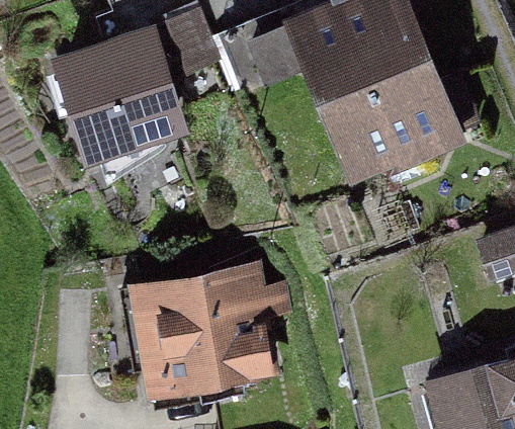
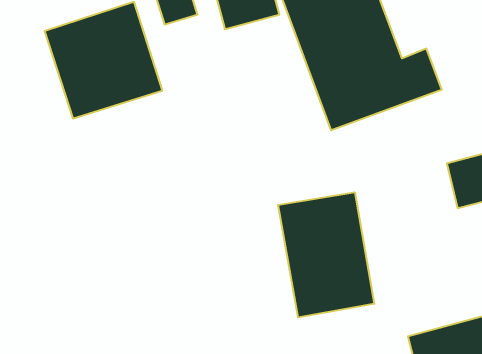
building: none -> [278,192,374,318]
building: [138,276,280,394] -> none

